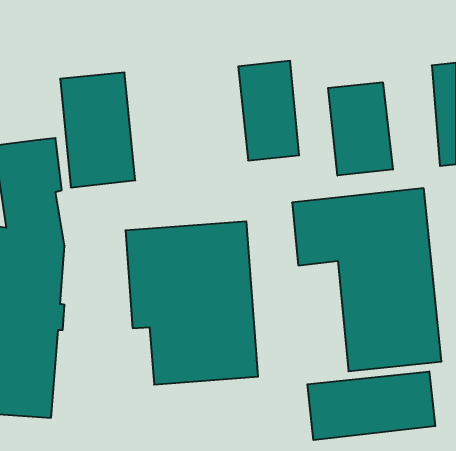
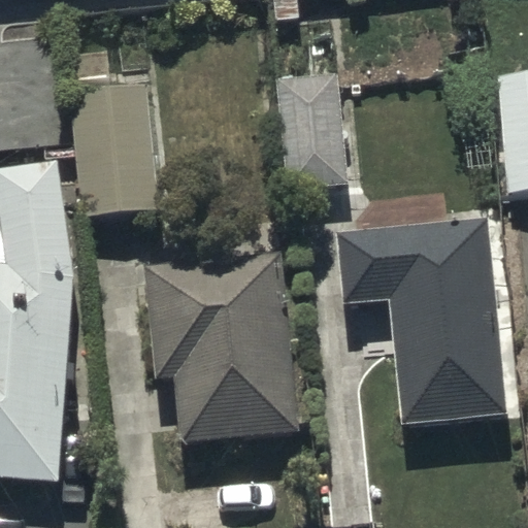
building: [328,82,393,176] -> none
building: [307,371,435,440] -> none

